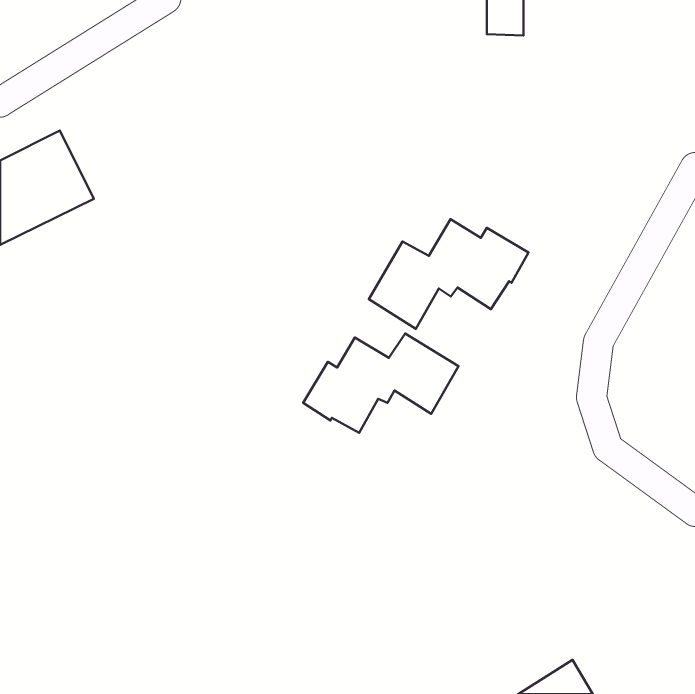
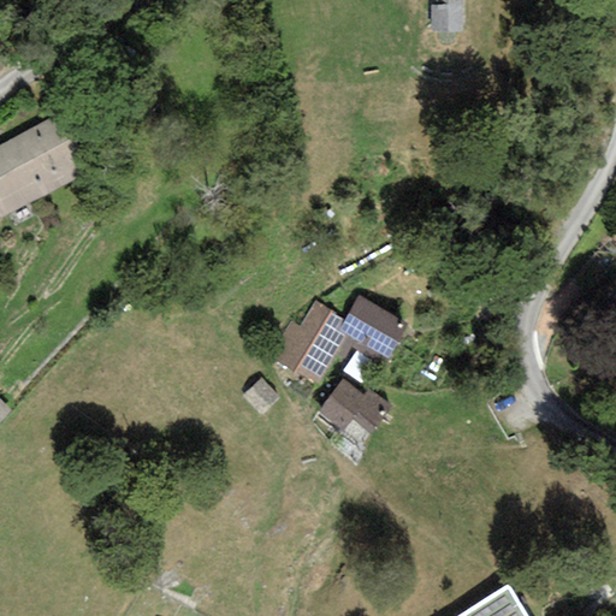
building: [369,219,528,329] -> none
building: none -> [318,378,391,433]

